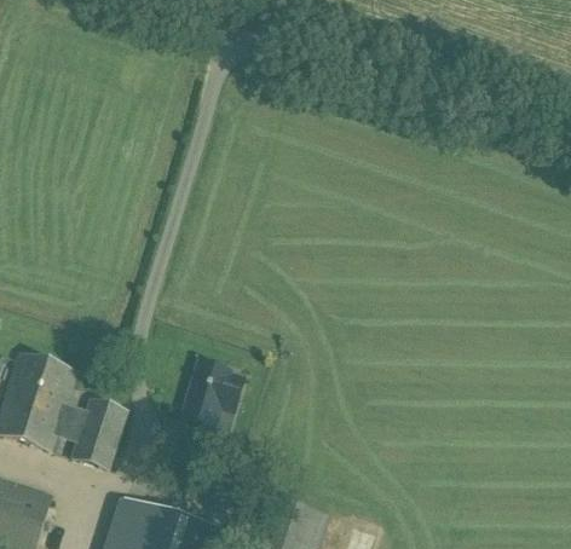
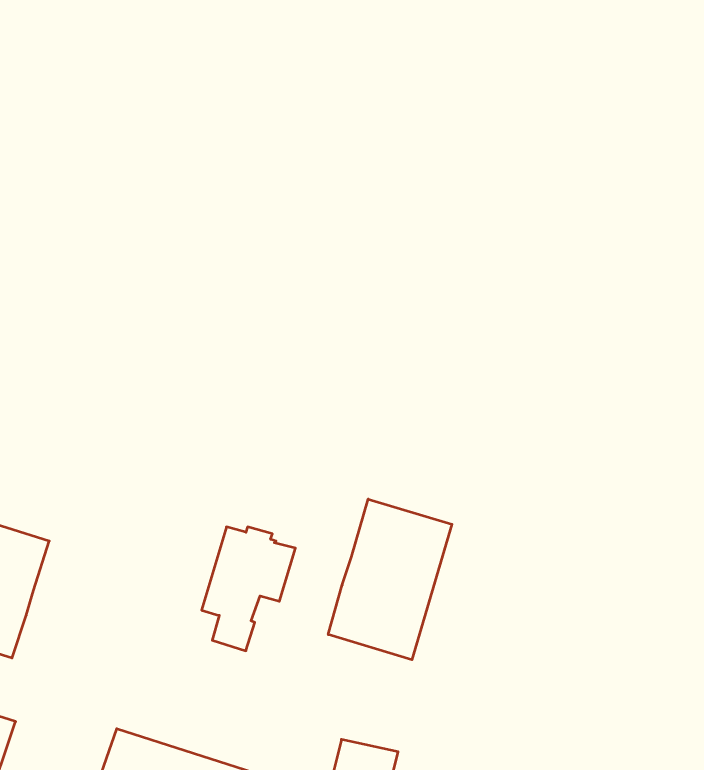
building: none -> [328,499,452,660]
building: [62,398,127,468] -> none

